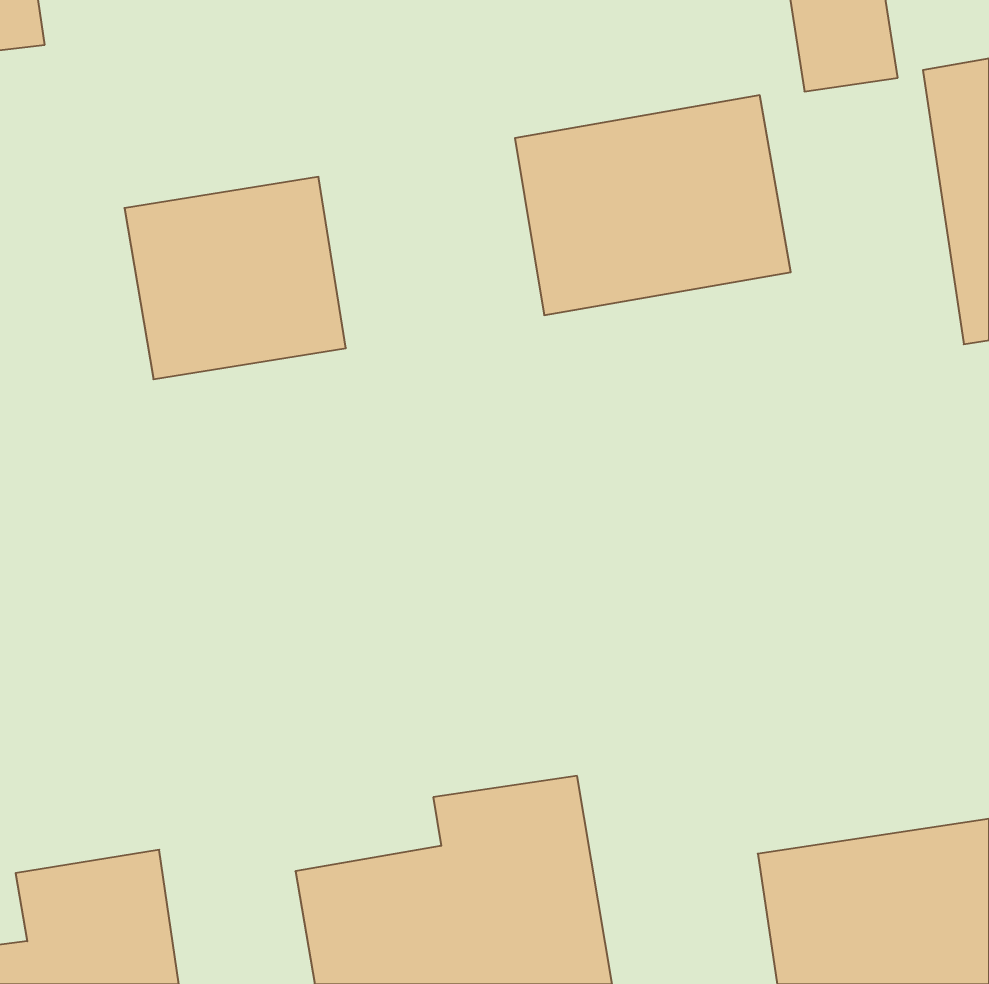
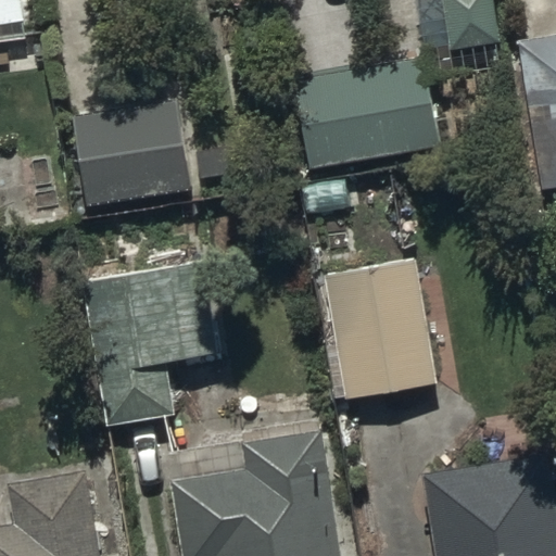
building: none -> [321,255,437,401]
building: none -> [87,265,218,478]

